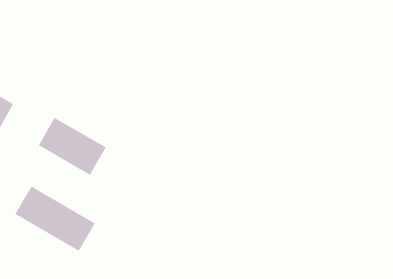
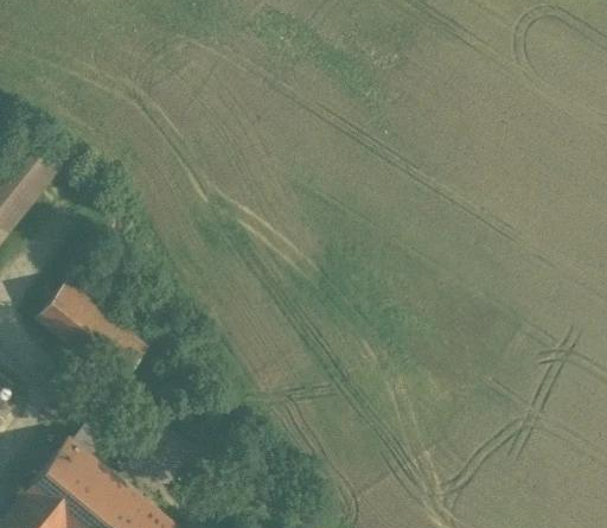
building: [38,117,107,176] -> none

